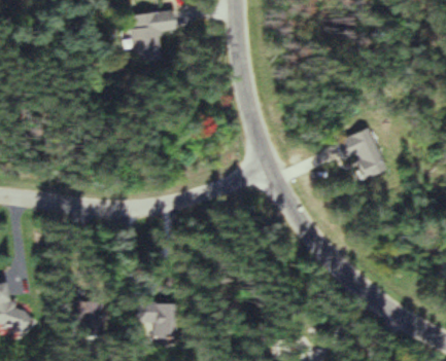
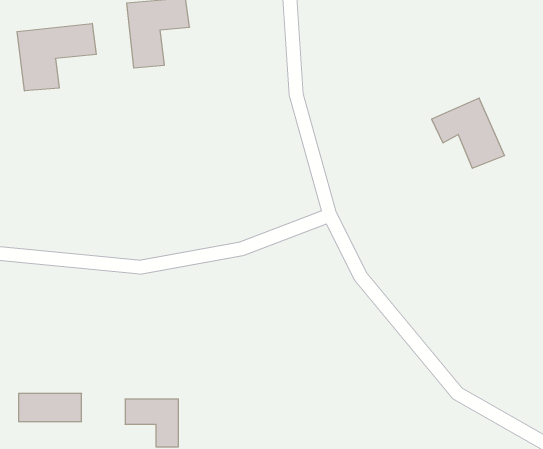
building: none -> [17,23,96,91]
building: [338,128,391,179] -> [432,98,505,168]

